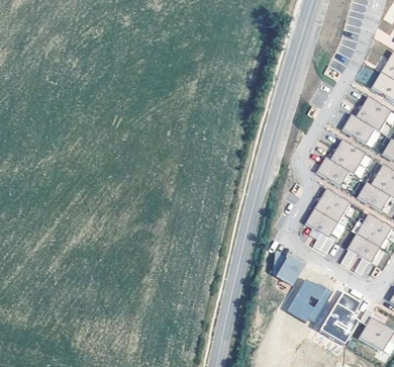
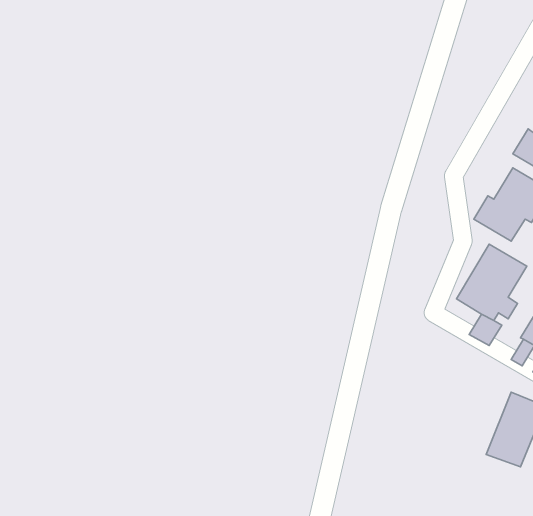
building: [273,254,304,287] -> none
building: [288,282,333,324] -> none

